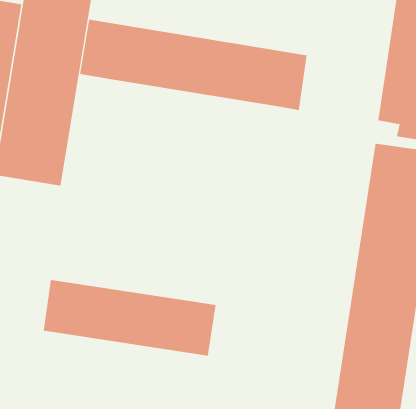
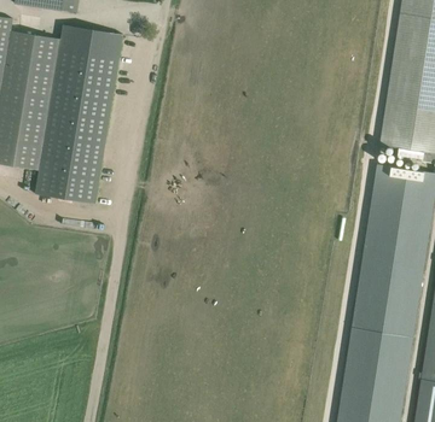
building: [79,19,307,111] -> none
building: [43,279,216,356] -> none

